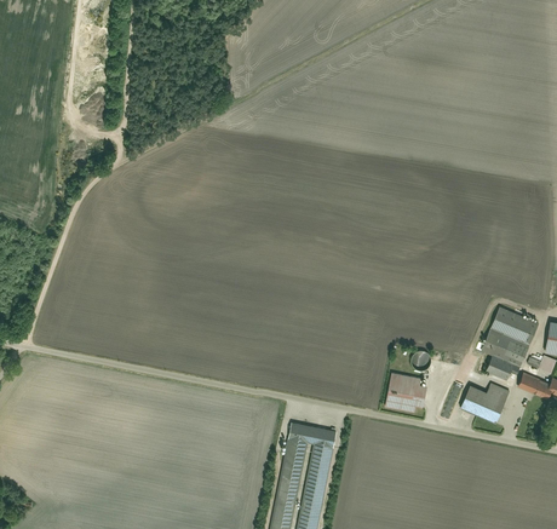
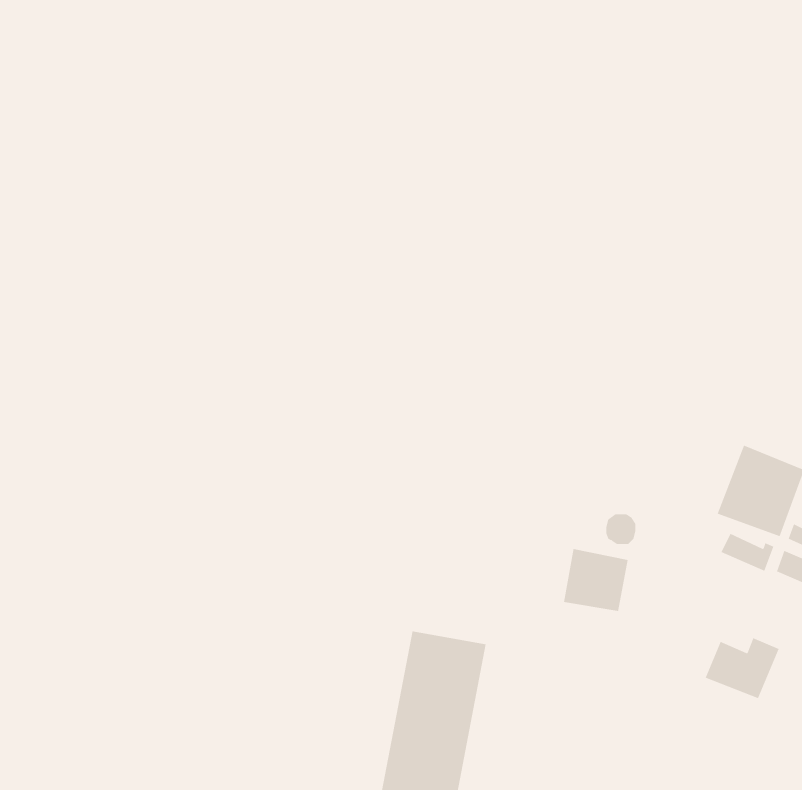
building: [461,381,509,420] -> [705,637,780,699]

